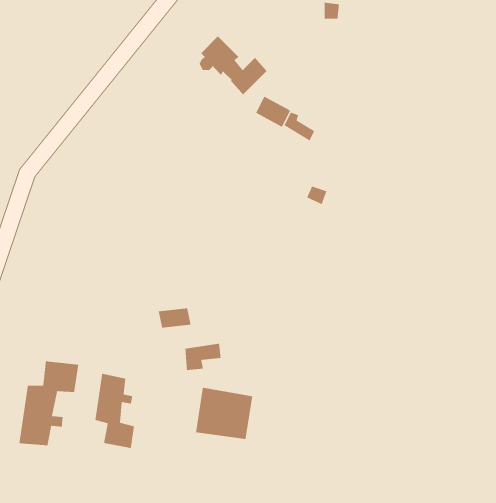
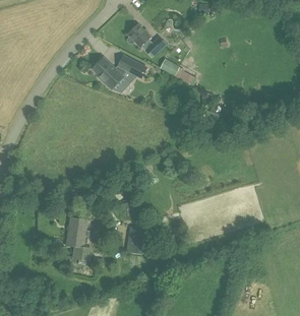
building: none -> [93,55,146,88]
building: [18,361,79,446] -> none

